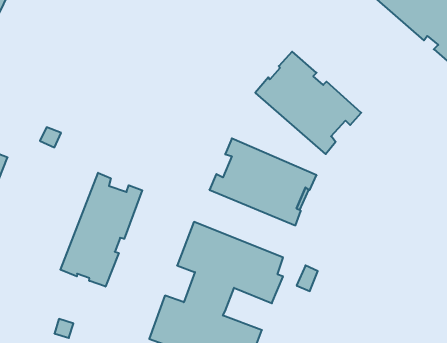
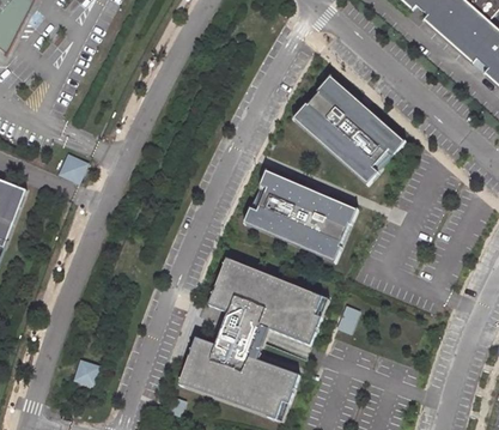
building: [60,173,142,287] -> none

